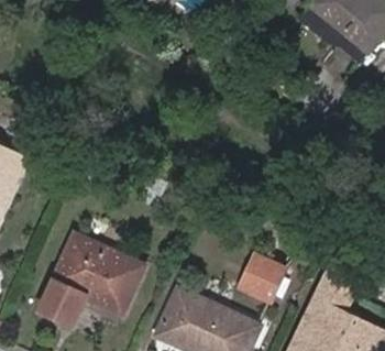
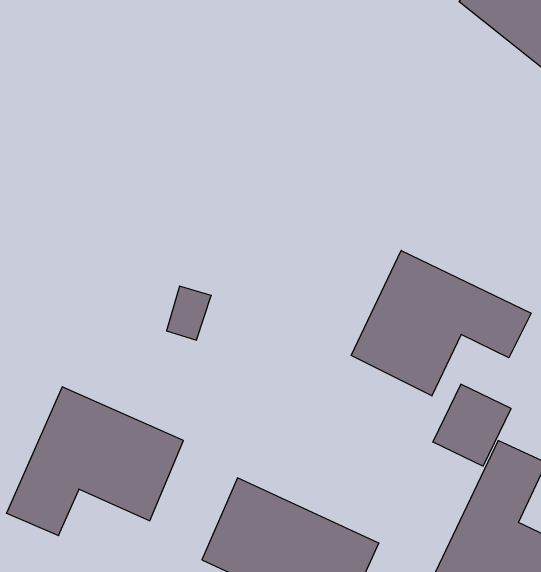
building: none -> [351,250,531,396]
building: [238,253,284,301] -> [433,384,511,466]

